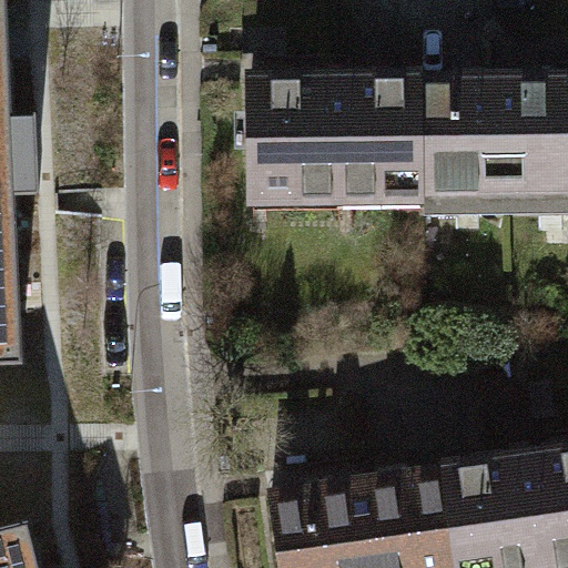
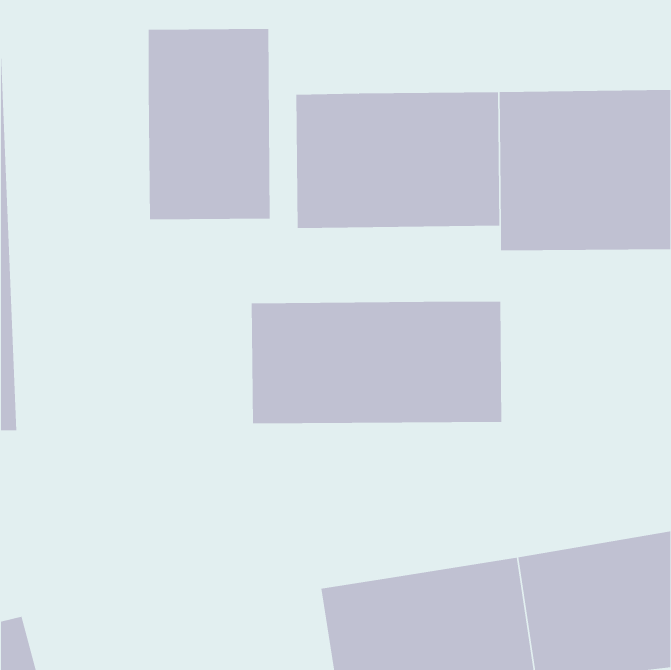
building: none -> [148,28,270,220]
building: none -> [251,301,502,424]

